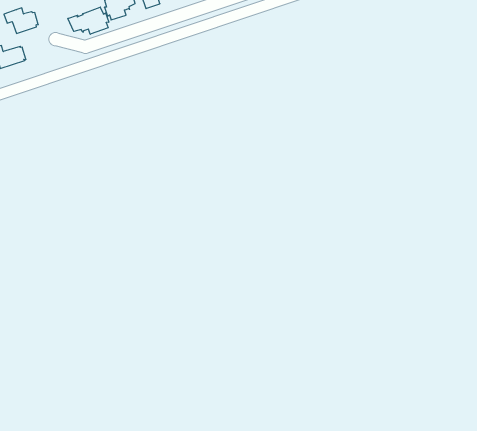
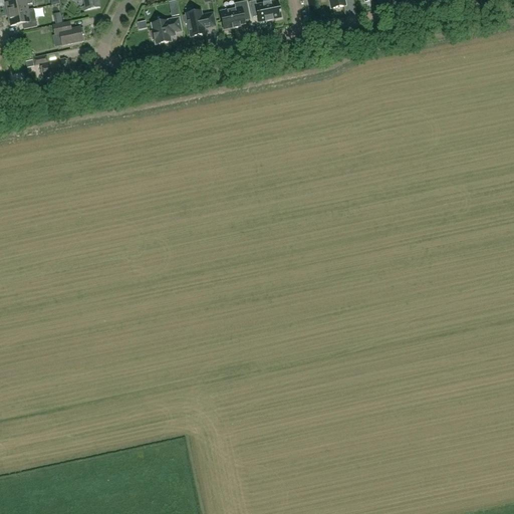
building: [68,7,109,34] -> none

